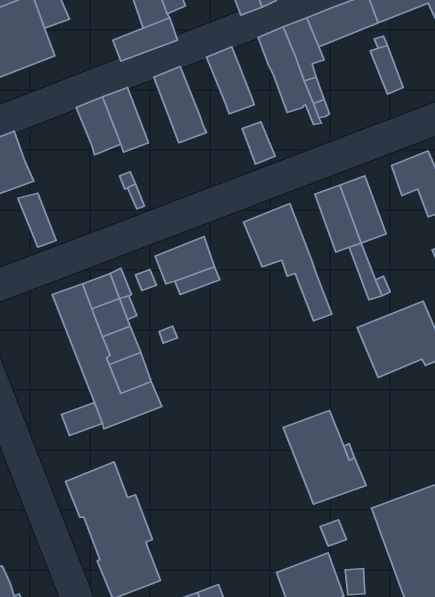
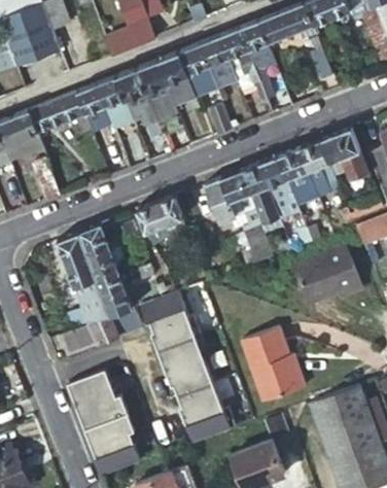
building: none -> [197,38,235,91]
building: none -> [156,54,195,106]
building: none -> [115,69,155,124]
building: none -> [27,93,87,134]
building: none -> [301,138,347,211]
building: none -> [242,161,281,222]
building: none -> [142,290,234,442]

